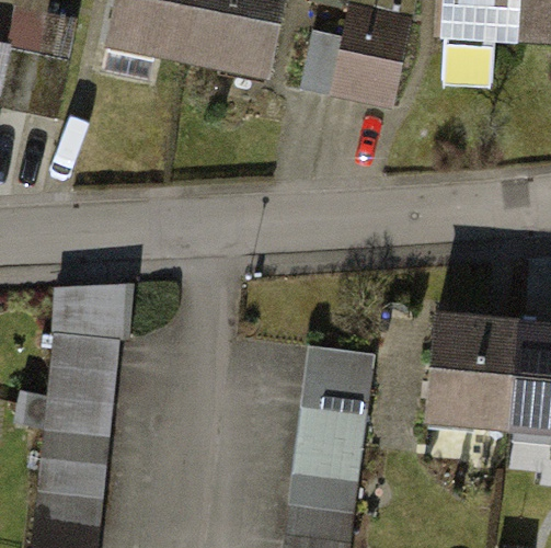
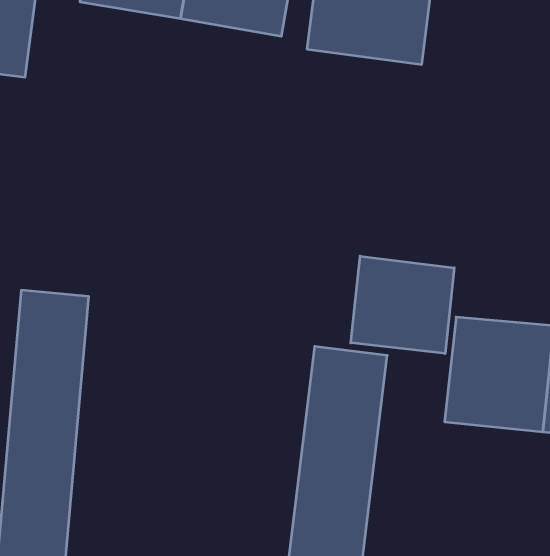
building: none -> [351,256,454,354]

